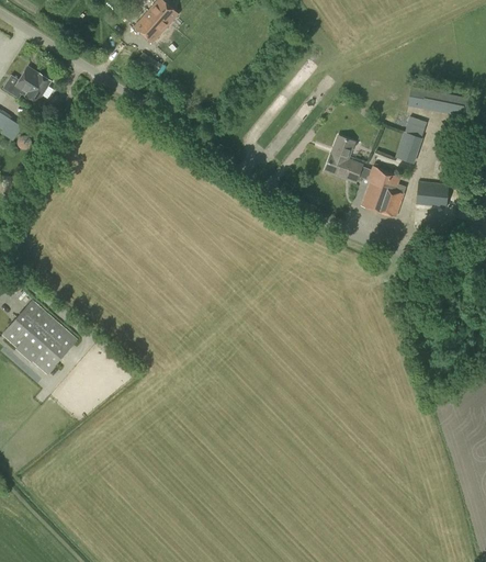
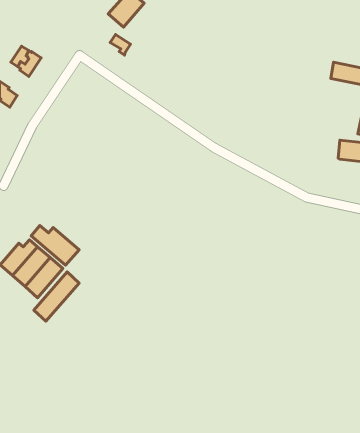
building: [396,115,426,161] -> none
building: [325,135,406,216] -> none
building: none -> [31,225,79,265]
building: none -> [34,272,79,321]

